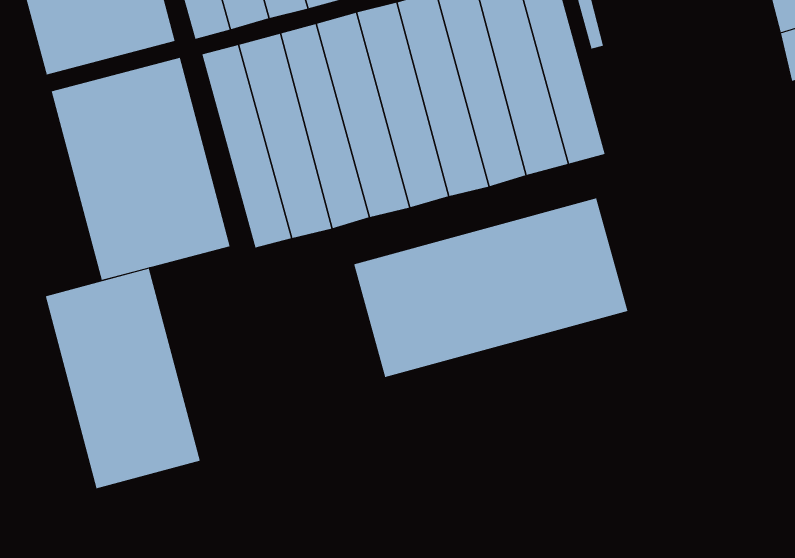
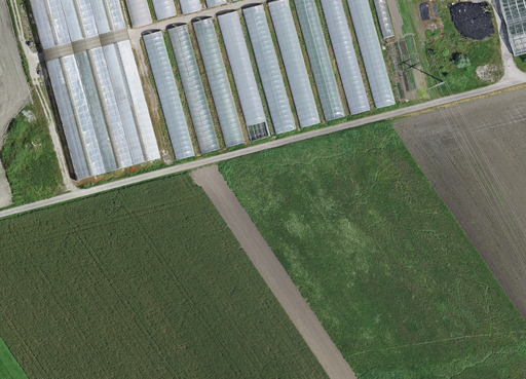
building: [353,198,628,378] -> none
building: [45,268,201,489] -> none

